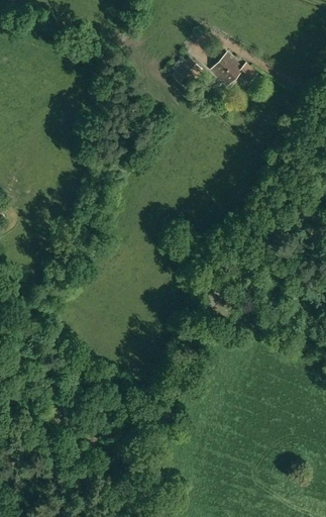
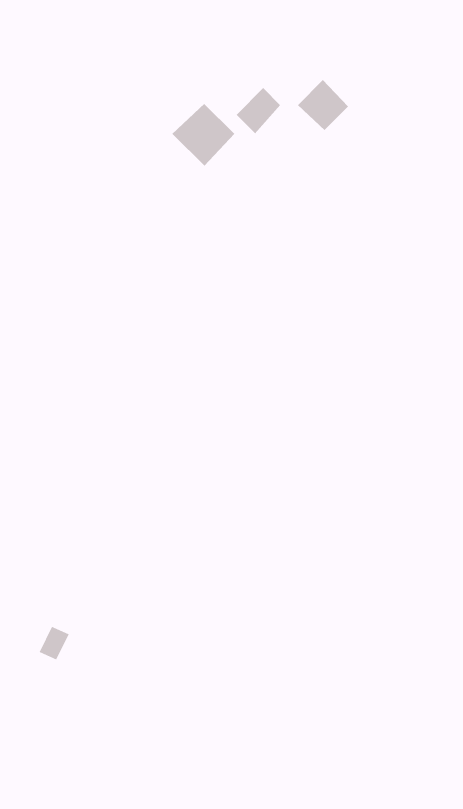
building: none -> [172,103,235,166]

